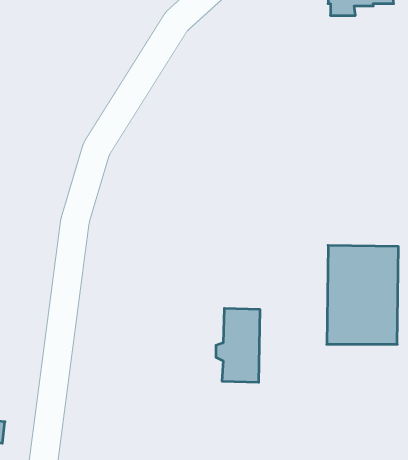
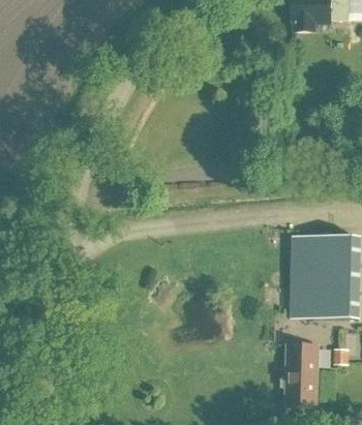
building: [216,308,260,382] -> [280,344,319,408]

